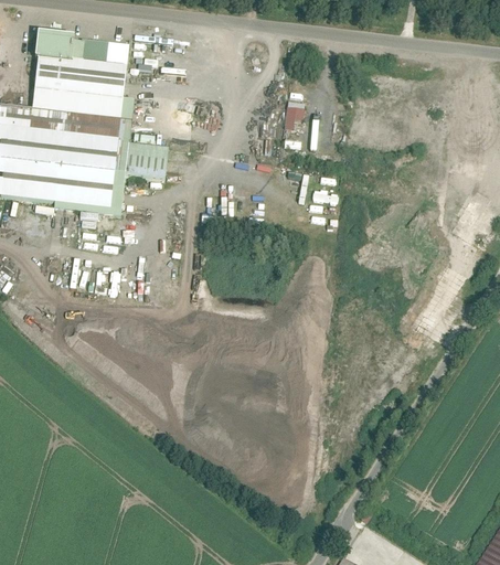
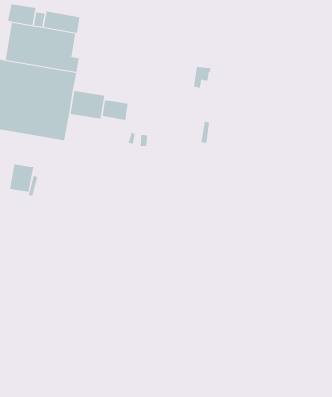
building: none -> [102,100,128,121]
building: none -> [10,163,34,192]

